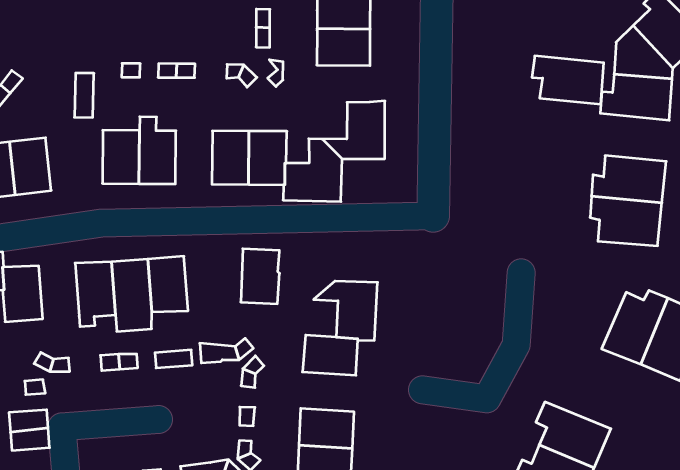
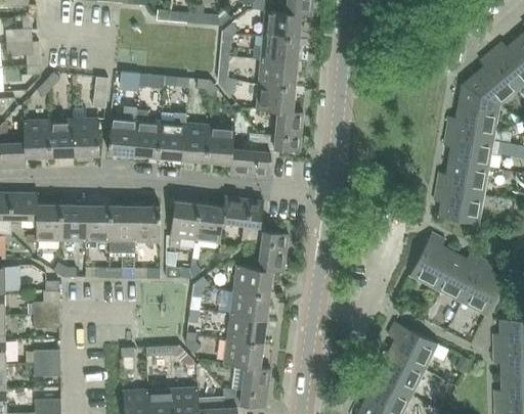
building: [532,56,604,104] -> [444,132,493,168]
building: none -> [256,85,295,112]
building: none -> [158,122,185,159]
building: none -> [73,119,99,155]
building: none -> [222,197,263,242]
building: none -> [170,201,200,240]
building: none -> [61,205,86,241]
building: none -> [409,233,455,290]
building: none -> [230,290,269,320]

